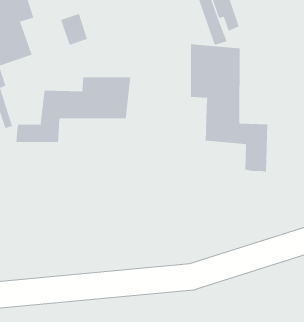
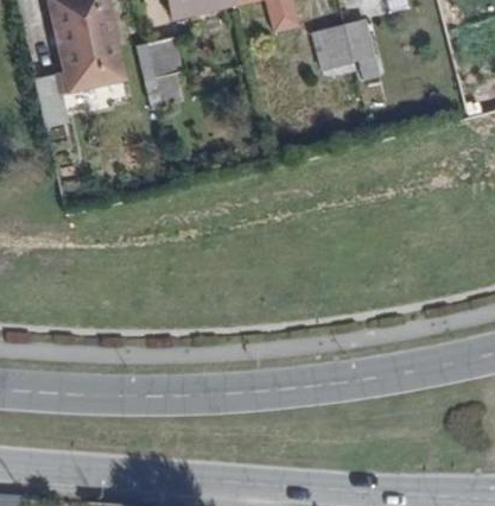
building: [190,44,268,172] -> none
building: [16,77,131,143] -> none

